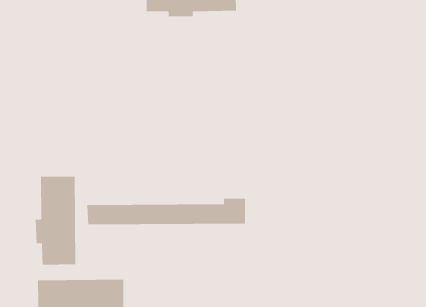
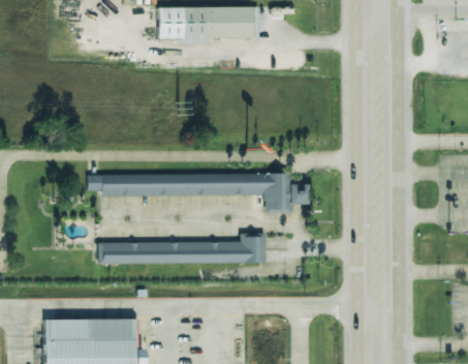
building: none -> [86,174,307,211]
building: [35,176,76,266] -> none

